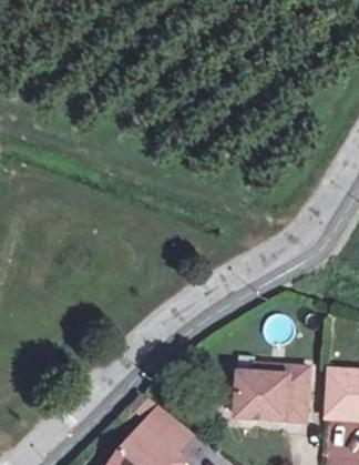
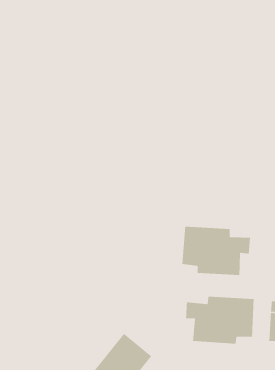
building: none -> [181,226,251,276]

